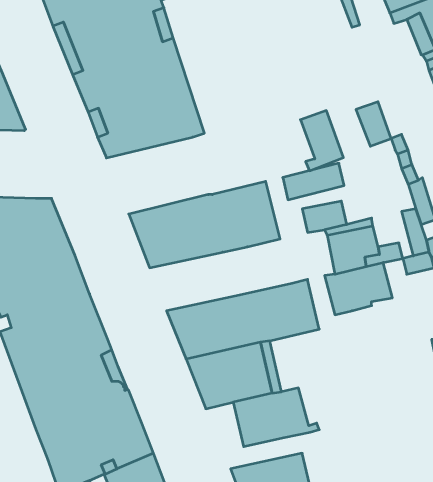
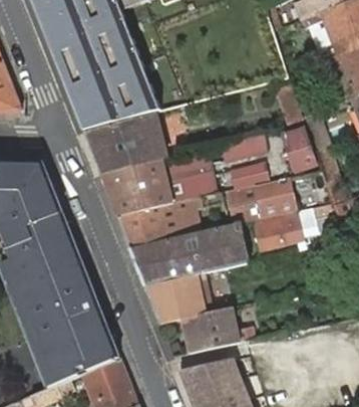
building: [300,111,343,171] -> [283,128,316,174]
building: none -> [84,115,162,174]
building: none -> [117,199,195,248]

